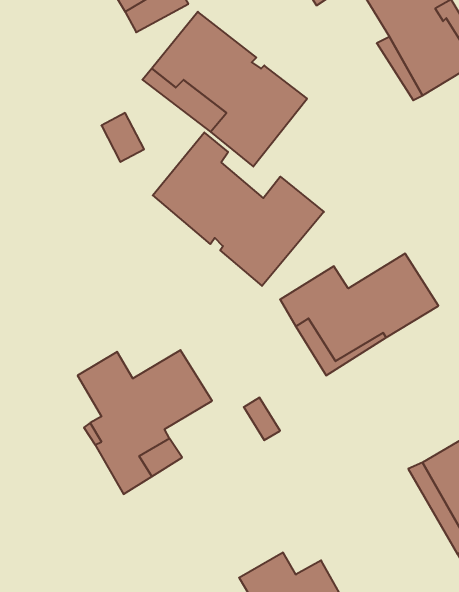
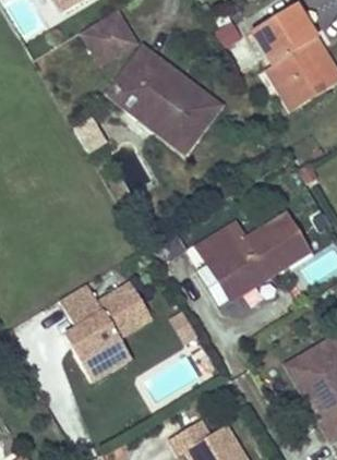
building: [153,132,324,286] -> none

